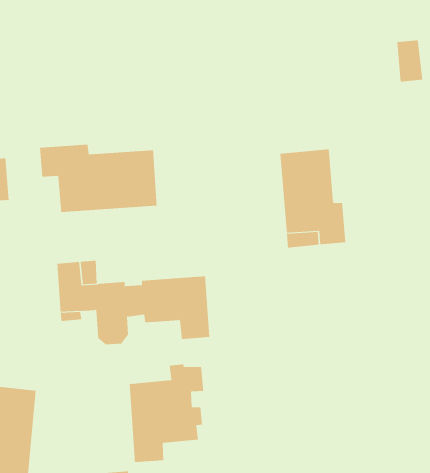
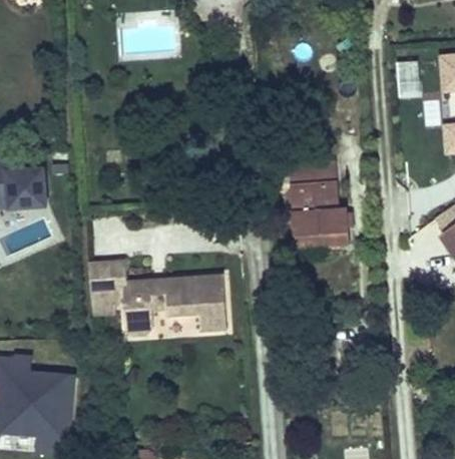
building: [40,144,157,213] -> none
building: [129,364,204,463] -> none

